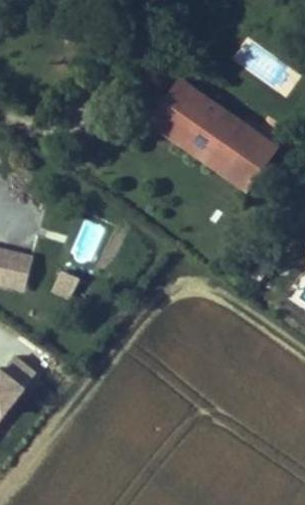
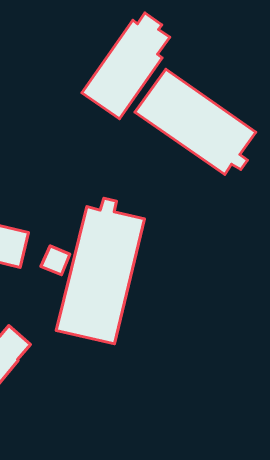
building: none -> [82,13,170,119]
building: none -> [56,198,144,344]

